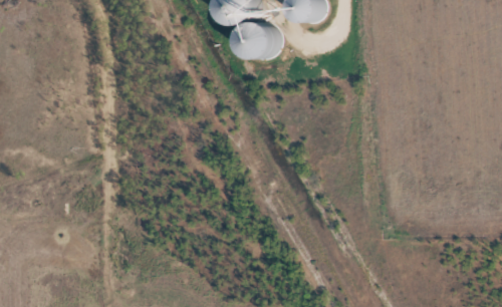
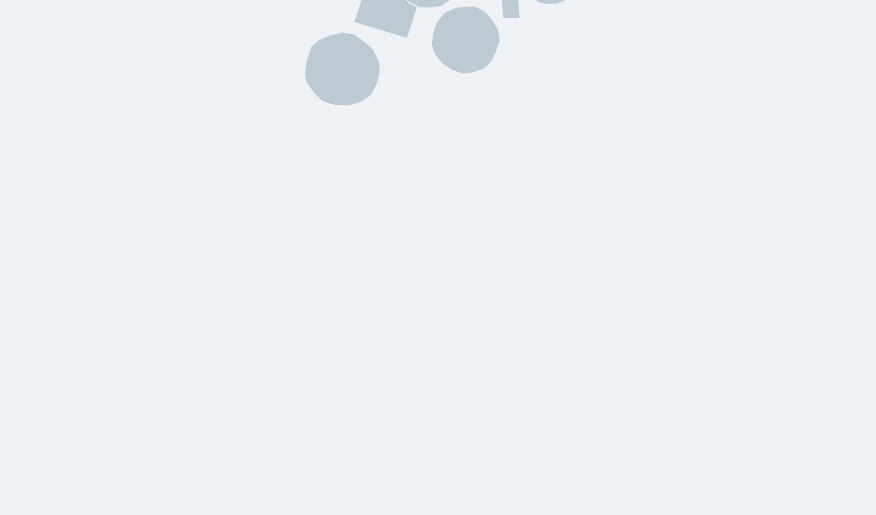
building: none -> [304,32,380,106]

